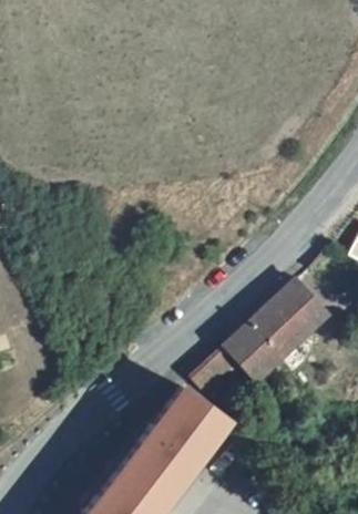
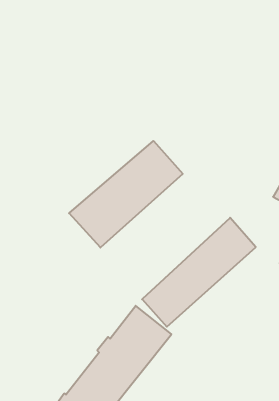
building: none -> [69,141,183,248]

